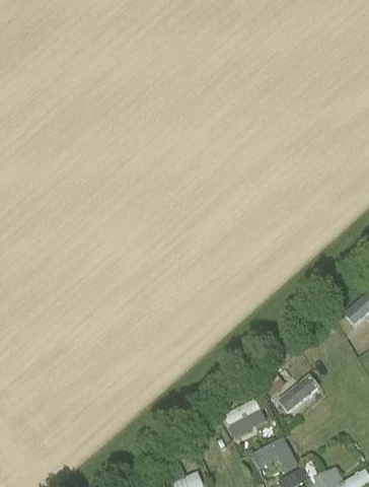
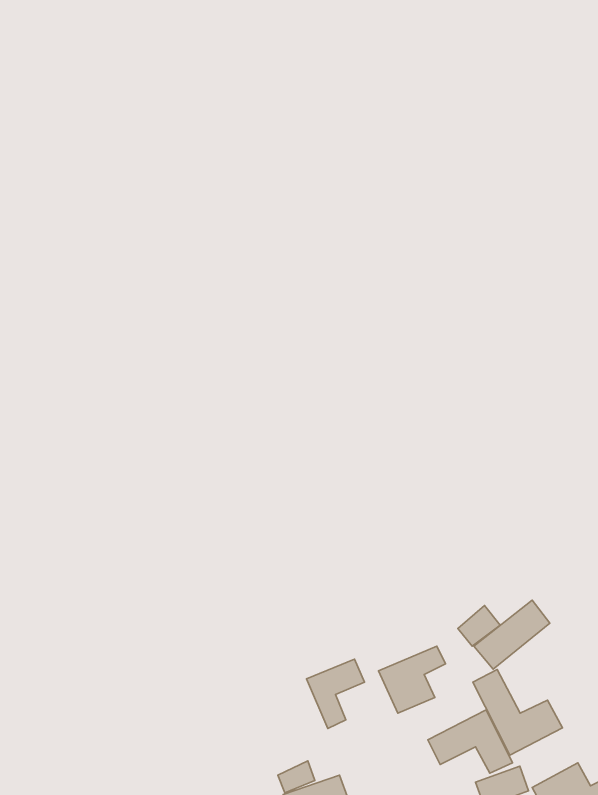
building: none -> [306,659,364,728]
building: none -> [473,669,563,755]

